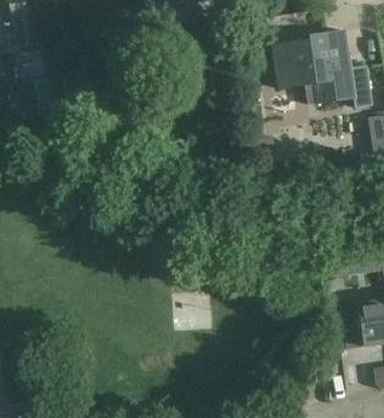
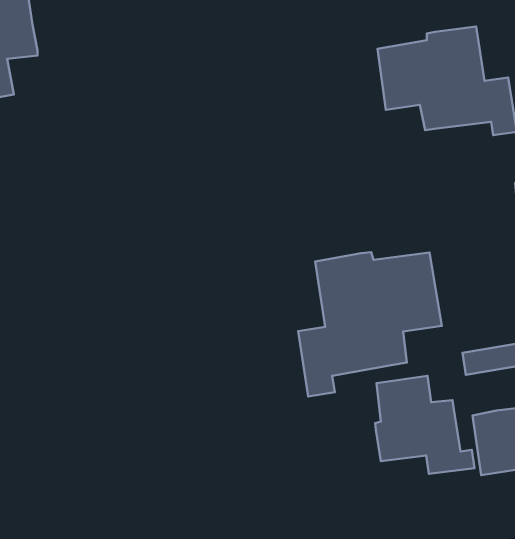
building: none -> [298,252,442,397]
building: none -> [375,376,474,474]

